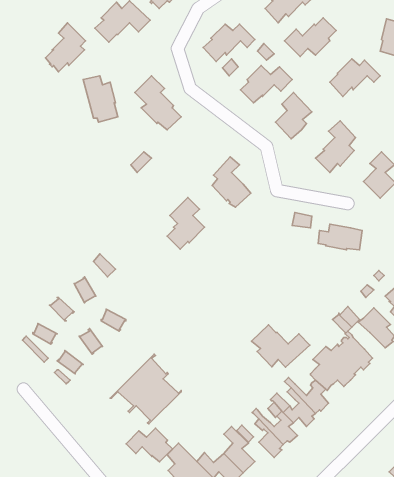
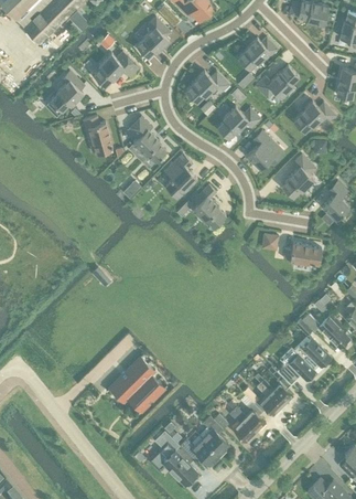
building: [167,198,205,249] -> [164,151,196,195]
building: [252,325,310,367] -> none
building: [126,428,172,462] -> none

